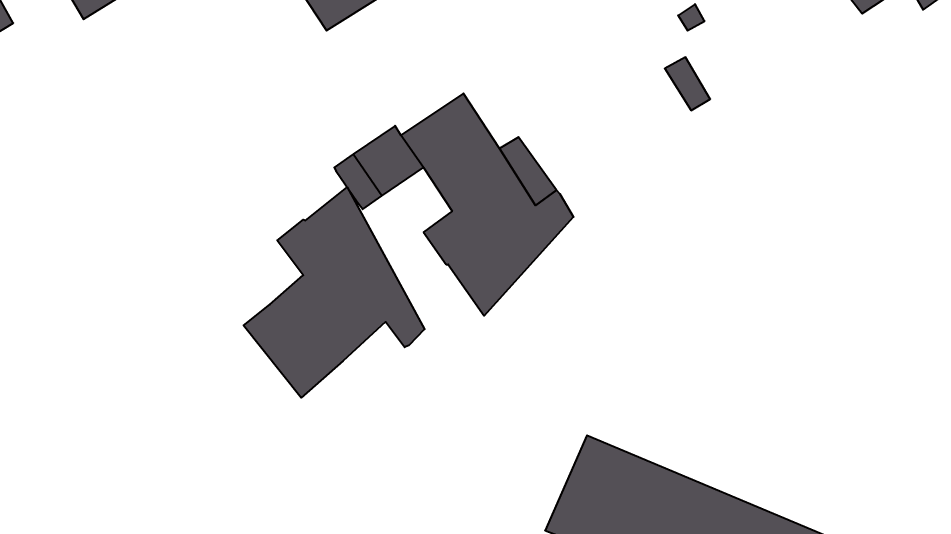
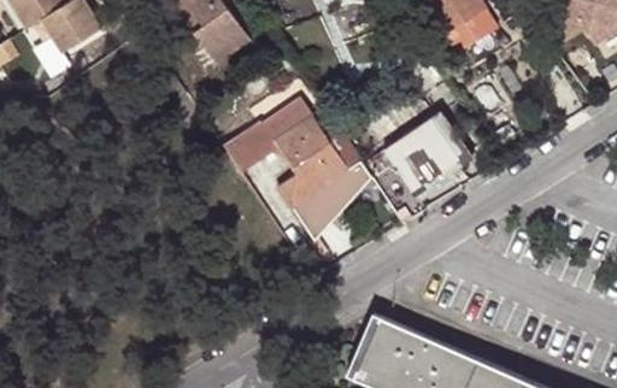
building: none -> [364,111,474,222]
building: [244,187,425,398] -> none

